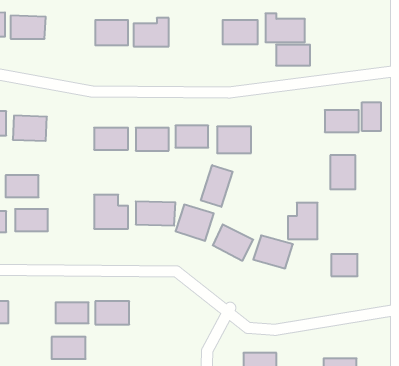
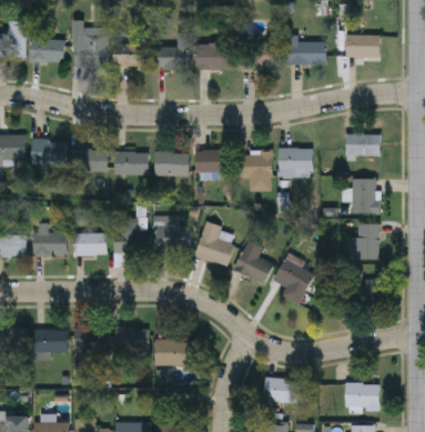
building: none -> [73,33,108,68]
building: none -> [194,43,234,68]
building: [276,45,310,66] -> [345,36,380,57]
building: [362,102,381,131] -> none
building: none -> [279,147,312,177]
building: none -> [72,149,107,171]
building: [201,165,233,207] -> none
building: [6,175,39,197] -> [72,233,105,255]
building: [288,203,318,239] -> [348,223,378,260]
building: none -> [154,340,194,364]
building: [52,337,86,359] -> [33,330,68,352]

